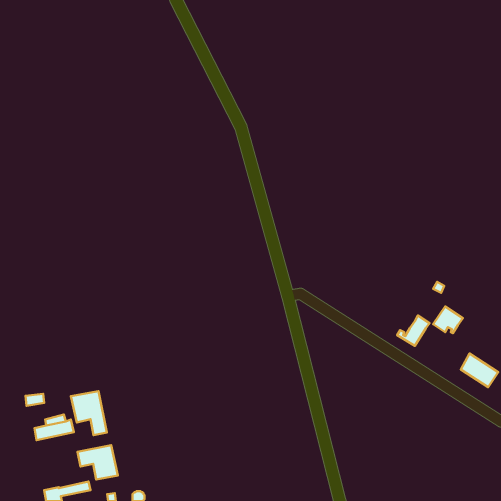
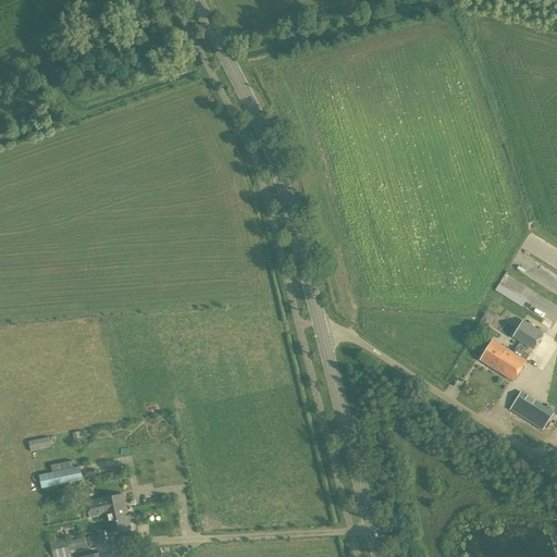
building: none -> [511,319,543,349]
building: [397,315,430,346] -> [493,346,529,380]
building: [71,391,107,435] -> none

